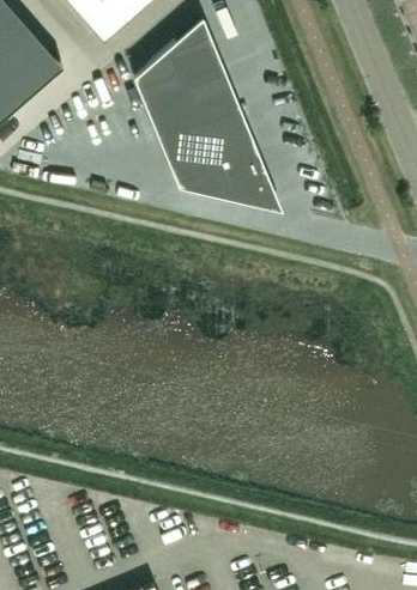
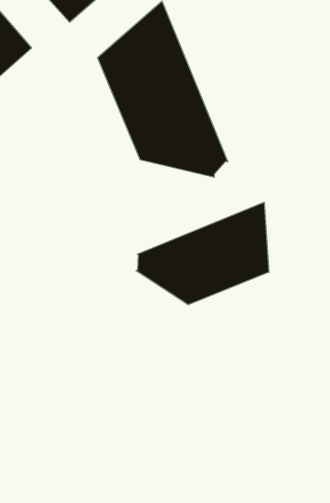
building: none -> [136,202,269,305]

